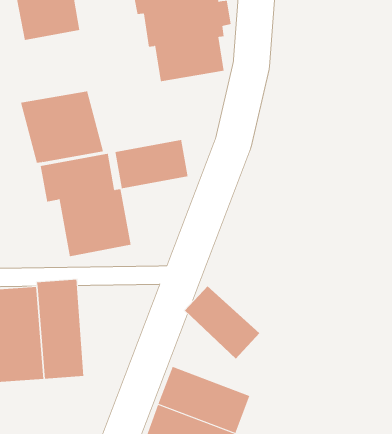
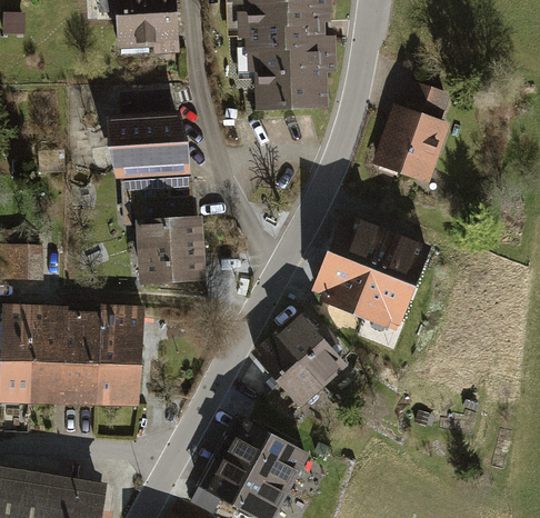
building: none -> [371,79,451,181]
building: [115,139,188,189] -> none
building: none -> [311,208,431,325]
building: none -> [279,311,349,387]

